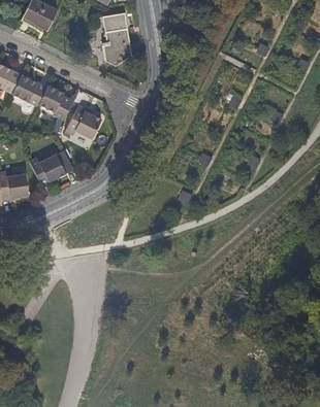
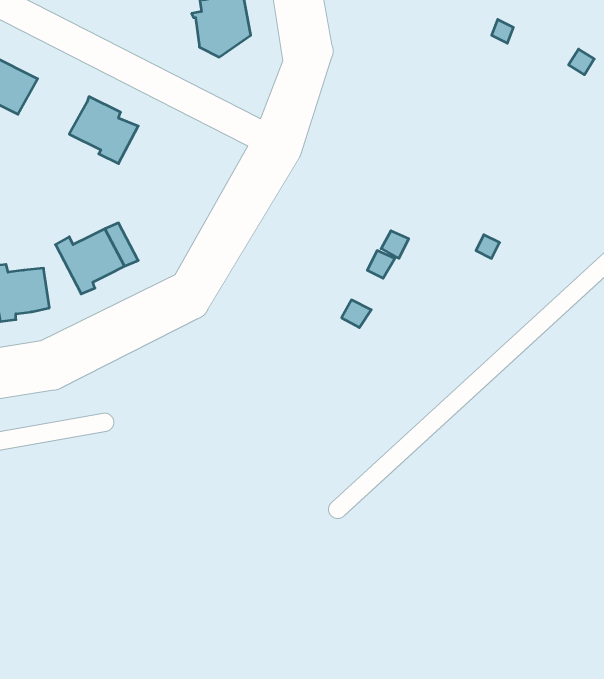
building: [10,74,46,106] -> none
building: [64,105,102,139] -> none

